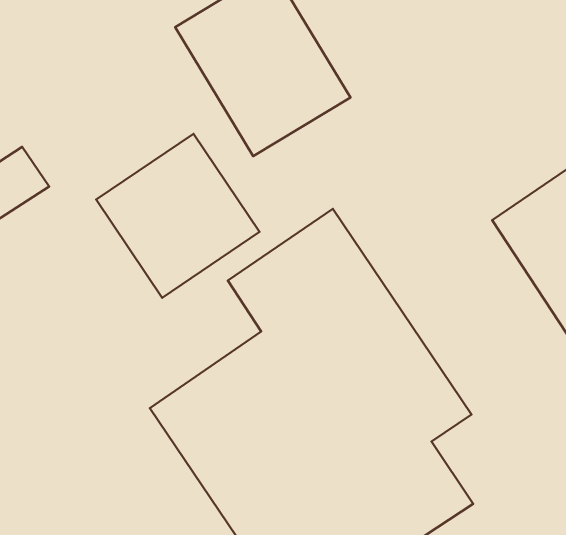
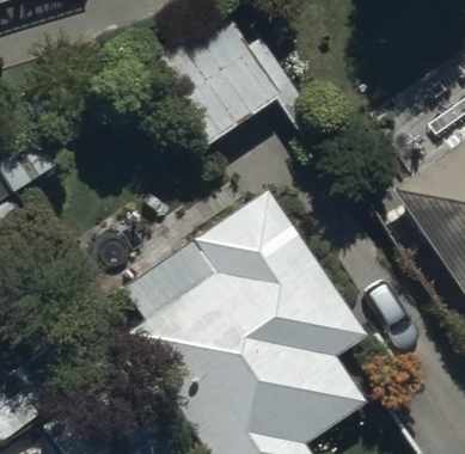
building: [96,134,260,298] -> none

